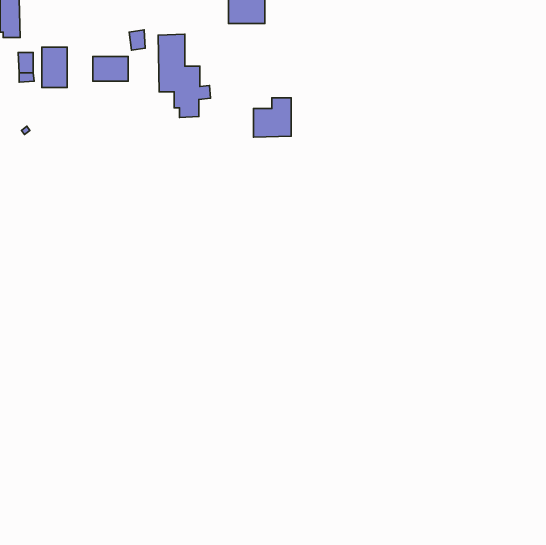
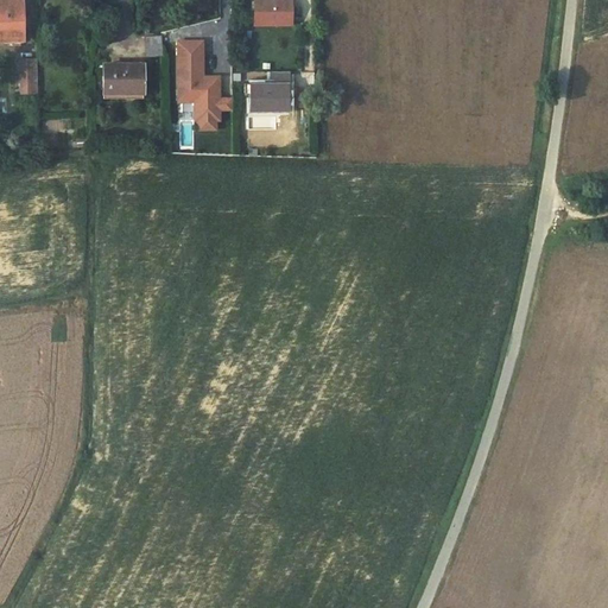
building: [42,47,67,88] -> none
building: [254,98,291,137] -> [251,70,292,114]

